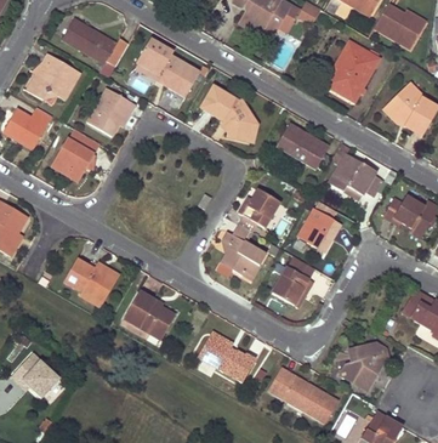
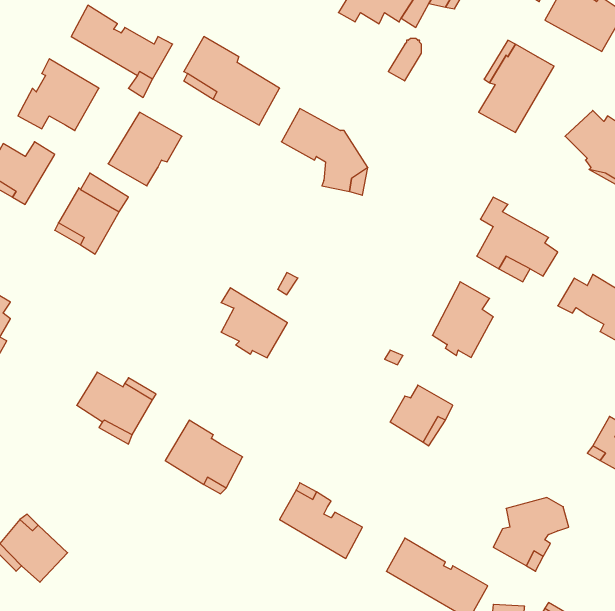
building: [275,123,329,167] -> none
building: [238,188,279,226] -> none
building: [222,231,266,277] -> [221,288,287,358]

